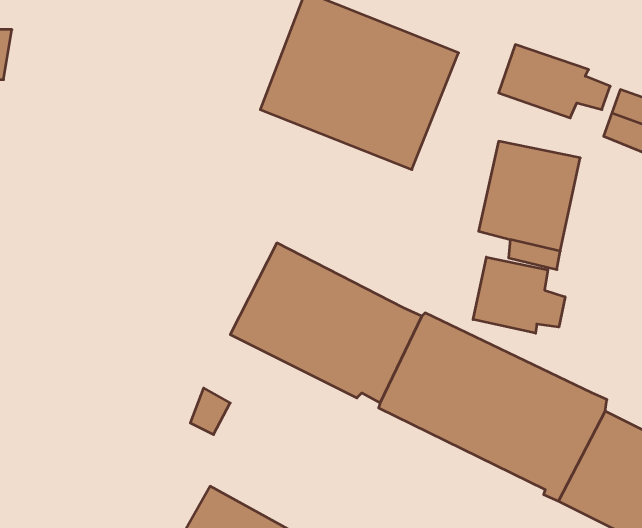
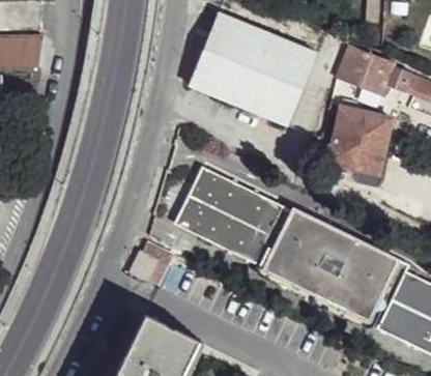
building: [473,257,565,333] -> none

